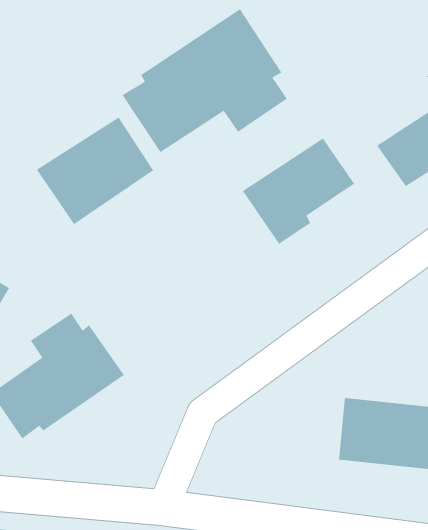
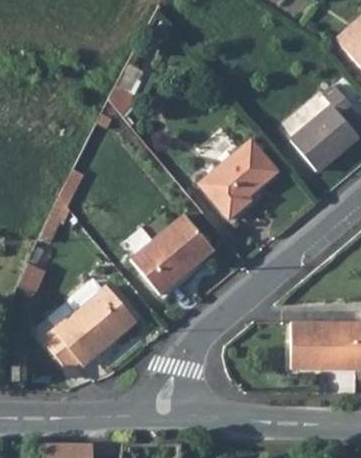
building: [122,8,288,153] -> none
building: [36,117,154,225] -> [130,219,212,297]

